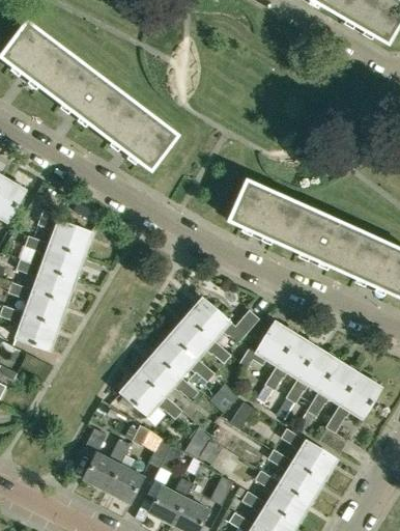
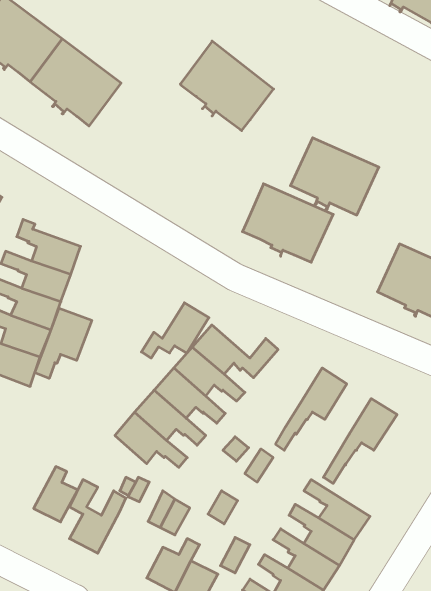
building: [98,93,177,169] -> [180,41,274,131]
building: [286,204,361,270] -> [290,138,379,215]
building: none -> [35,308,92,378]
building: [238,322,295,368] -> [141,303,209,358]
building: [276,347,337,420] -> none
building: [318,373,380,453] -> none
building: [106,455,143,502] -> [34,467,78,522]

